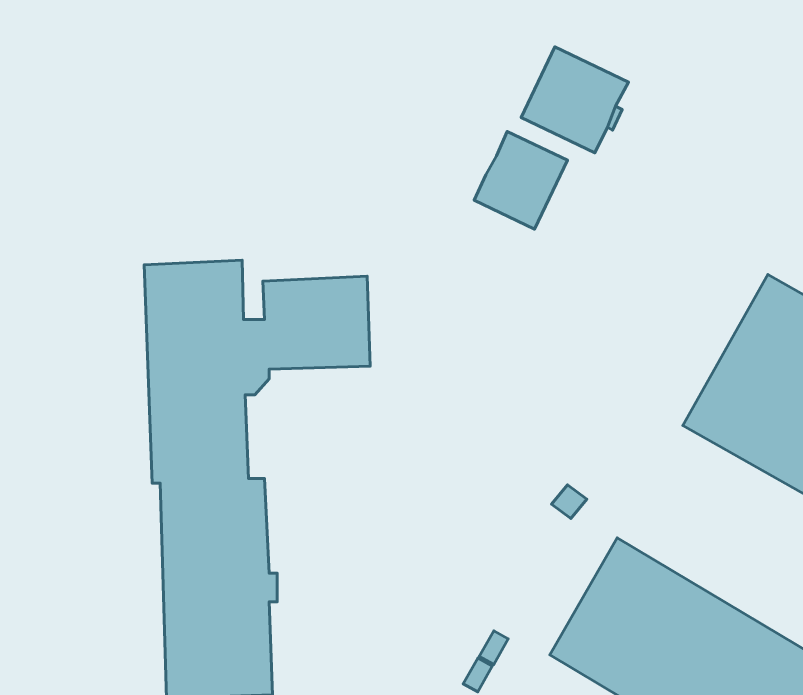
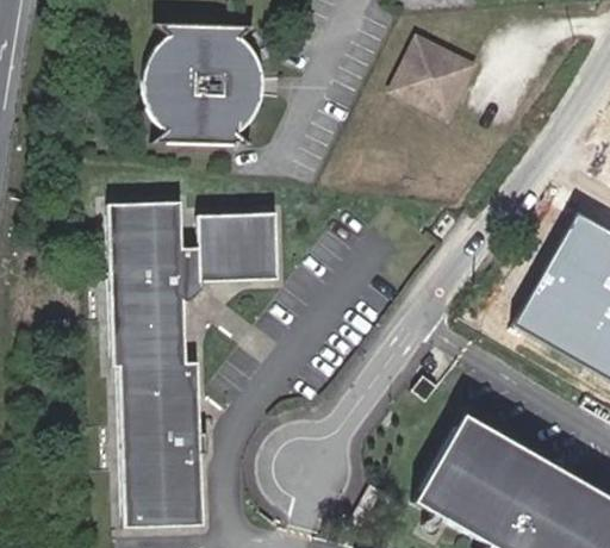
building: none -> [129,29,247,151]
building: [474,131,567,229] -> none

